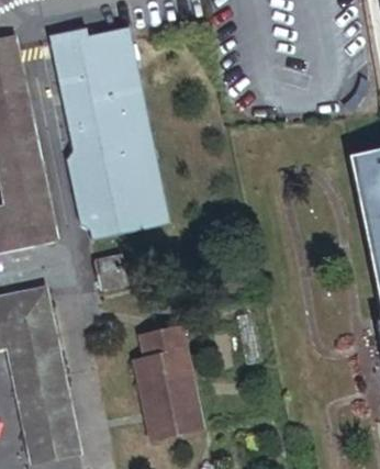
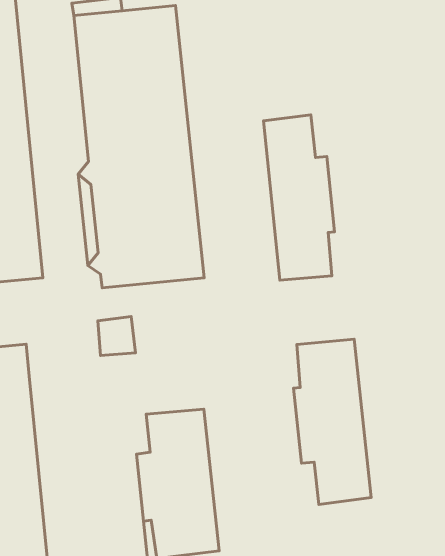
building: none -> [263,115,335,280]
building: none -> [293,339,371,505]

